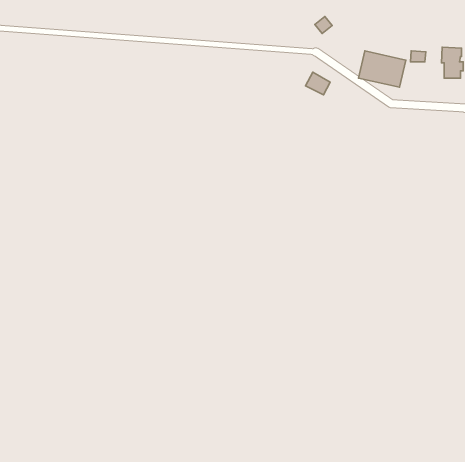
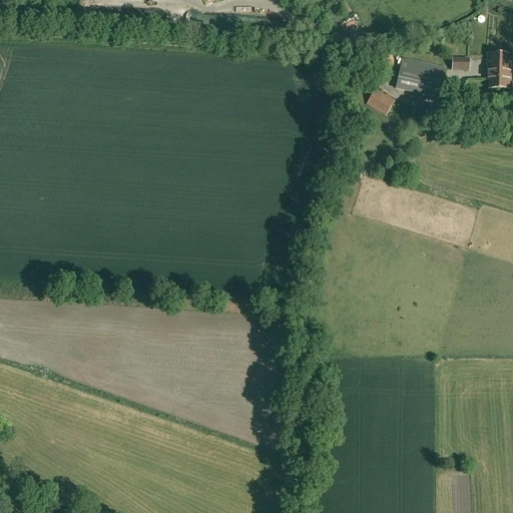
building: [305,72,330,95] -> [367,87,394,112]

